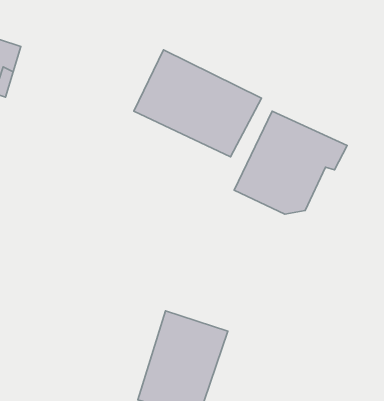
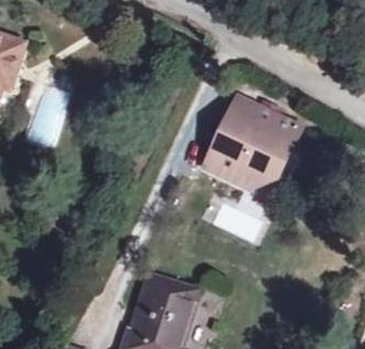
building: [134,50,261,157] -> none

